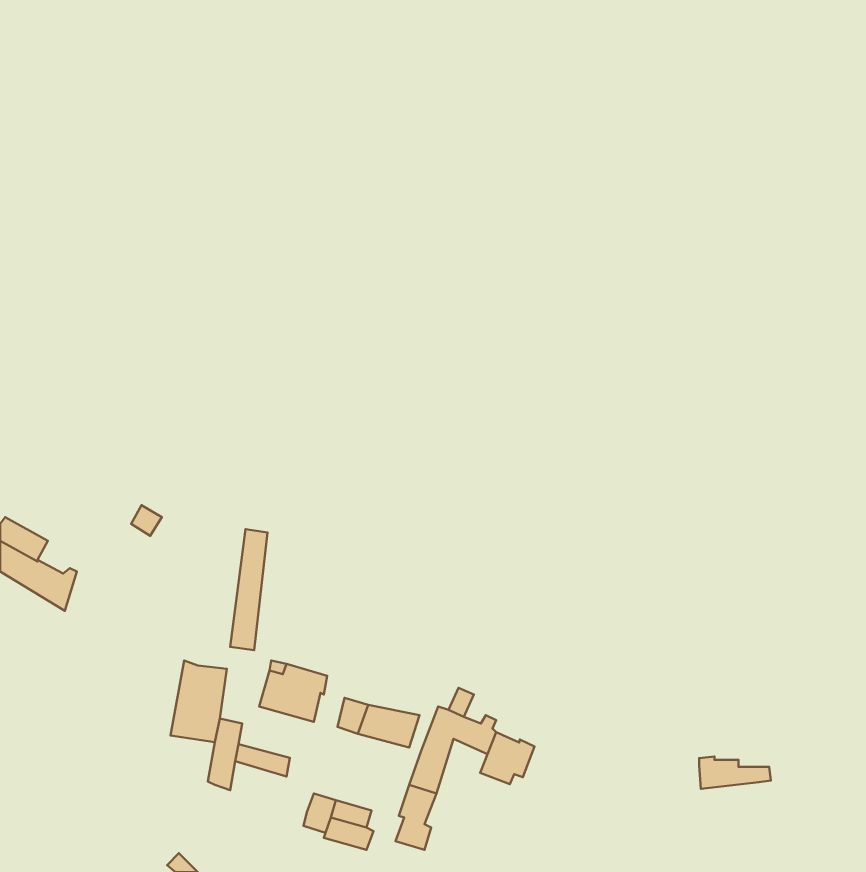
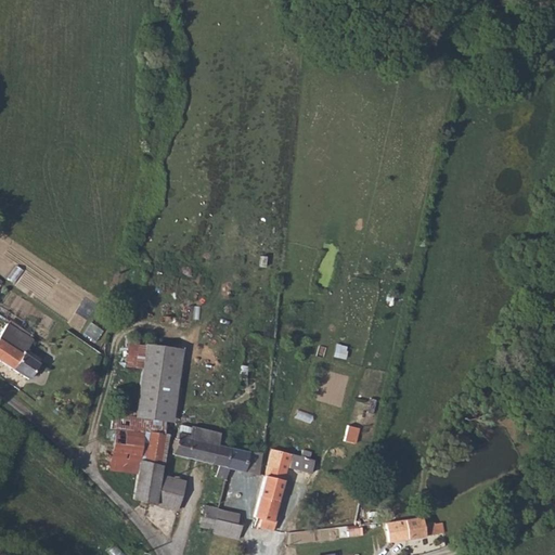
building: none -> [134,334,159,411]
building: none -> [143,425,163,460]
building: none -> [203,440,222,475]
building: [480,732,534,784] -> none
building: [699,756,771,789] -> [400,516,446,537]
building: none -> [150,483,185,511]

